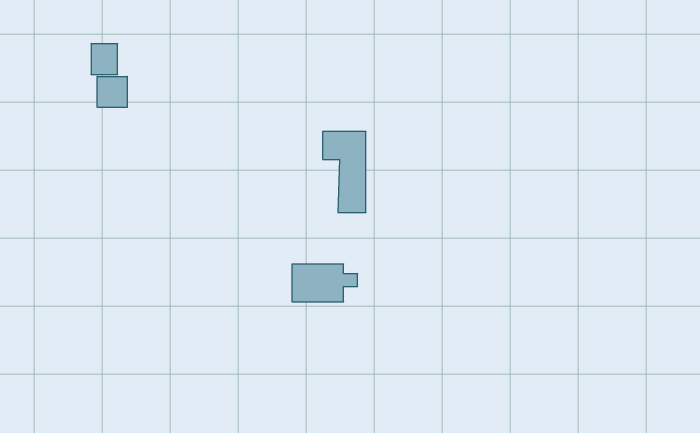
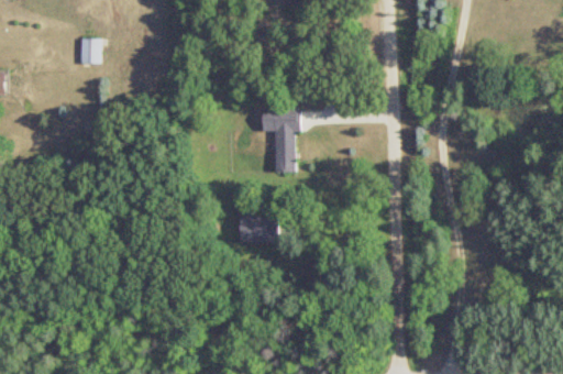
building: [97,76,127,107] -> none

